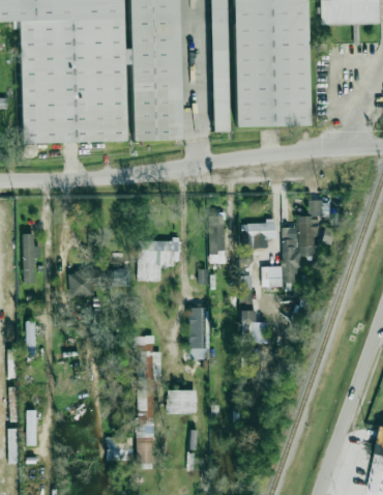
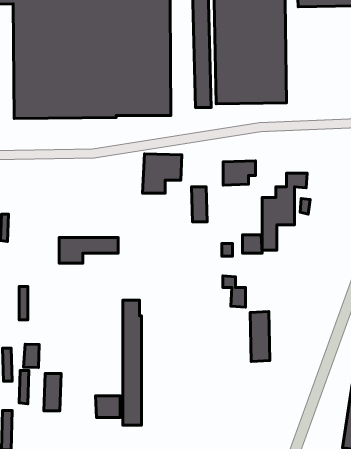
building: [242,223,276,249] -> [223,161,255,185]
building: [24,233,41,283] -> none
building: [138,239,179,281] -> [143,154,182,193]
building: [189,307,210,359] -> [250,312,270,361]
building: none -> [24,344,39,368]
building: [168,390,198,413] -> none
building: none -> [44,373,61,411]

